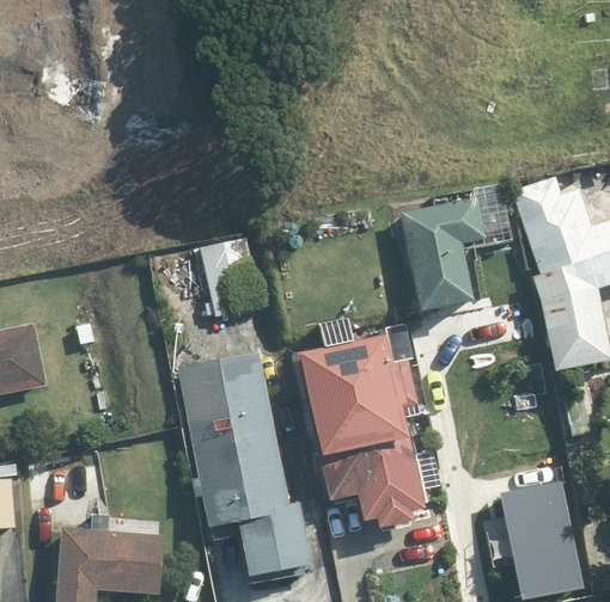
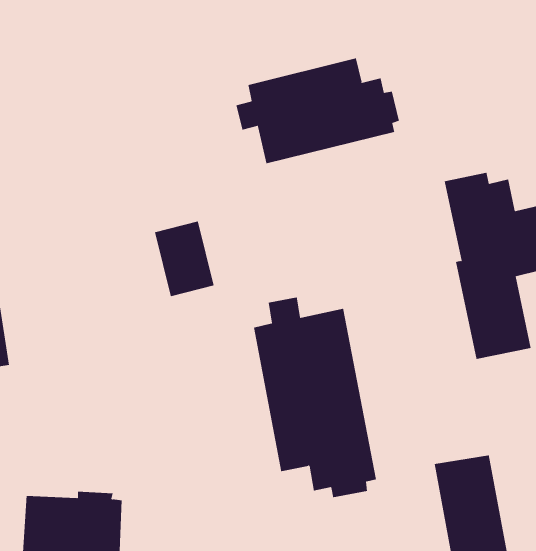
building: none -> [236,58,400,164]
building: [401,194,500,315] -> none
building: [178,350,318,576] -> none

